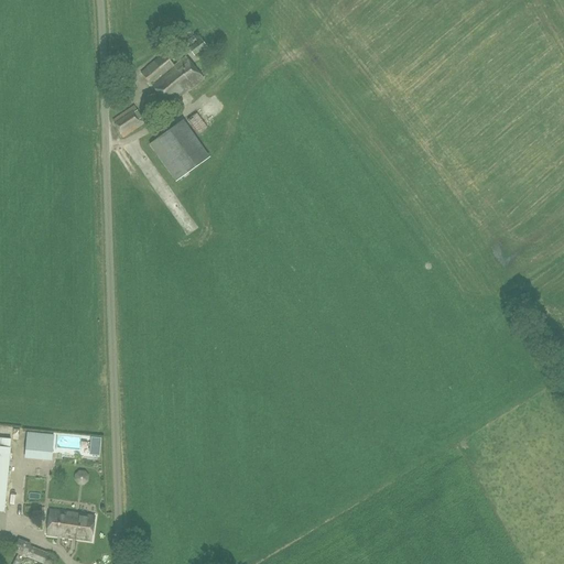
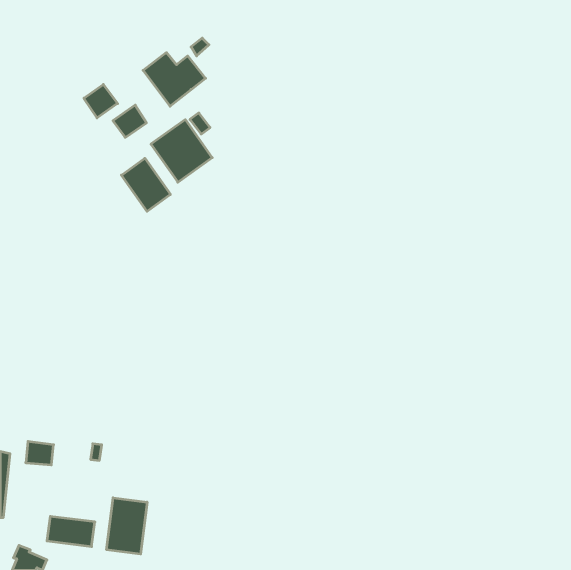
building: none -> [84,84,118,118]
building: none -> [121,158,170,211]
building: none -> [107,498,147,554]

